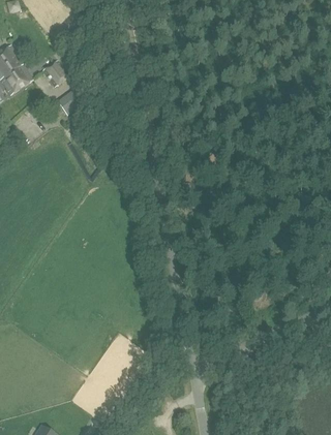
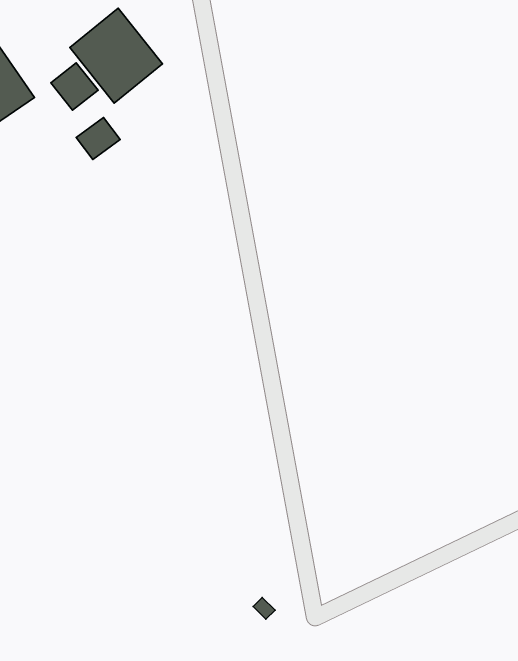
building: none -> [70,8,163,103]

